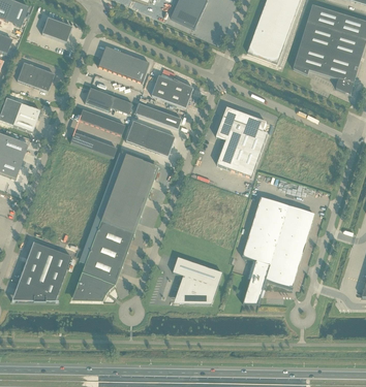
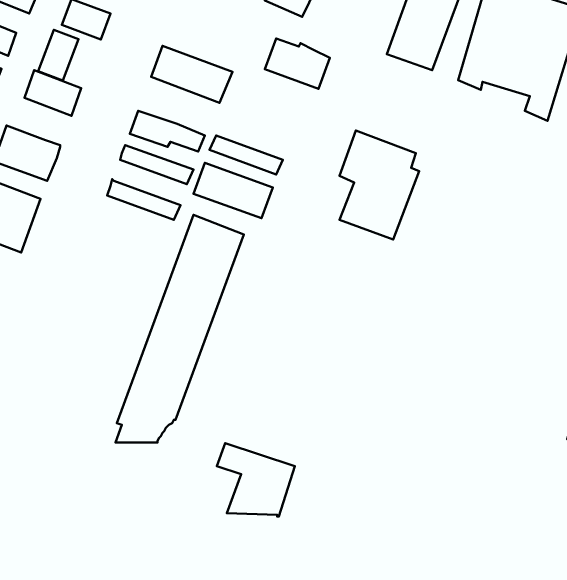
building: none -> [38,30,79,80]
building: [151,74,192,106] -> [265,38,330,89]
building: [243,196,312,302] -> none
building: [17,240,70,299] -> none
building: [172,256,221,302] -> [217,443,295,516]

